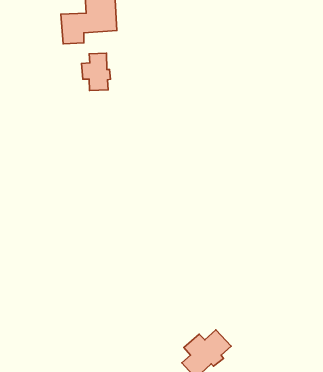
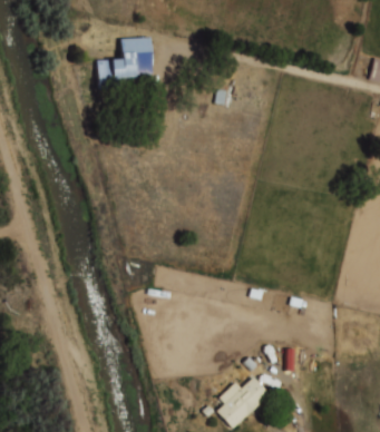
building: [82,53,111,91] -> none

